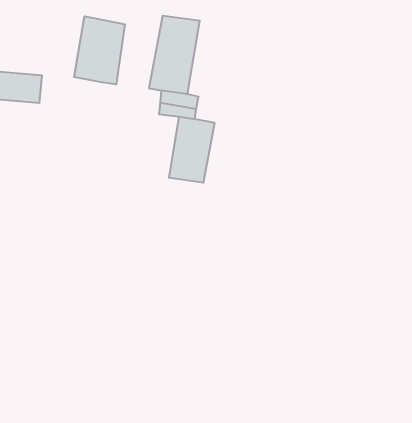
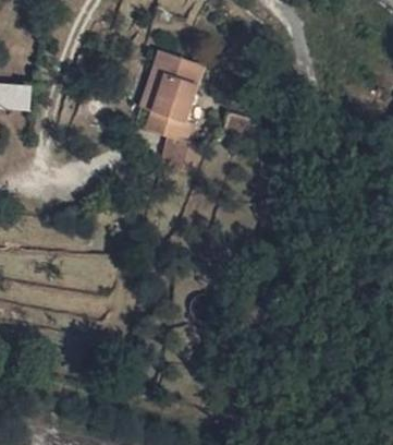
building: [74,16,125,85] -> none

